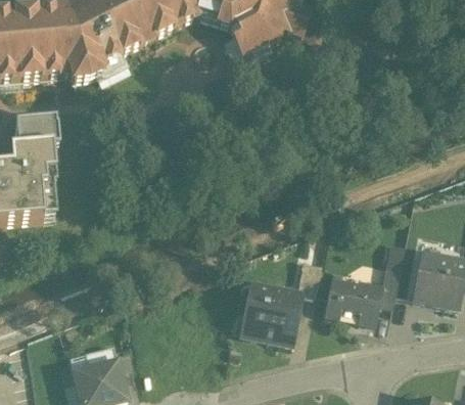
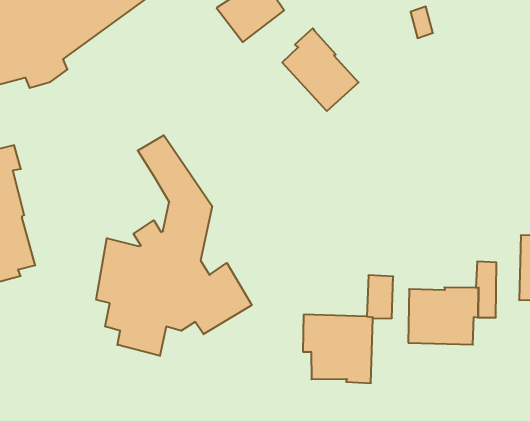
building: none -> [282,28,359,111]
building: none -> [96,135,252,356]

